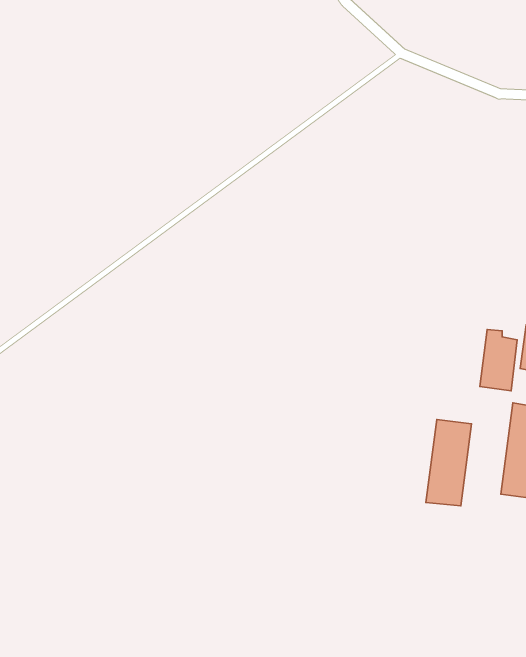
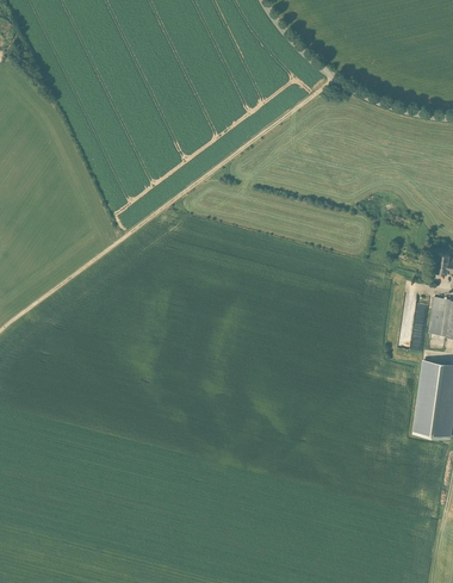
building: [426,419,472,506] -> none

